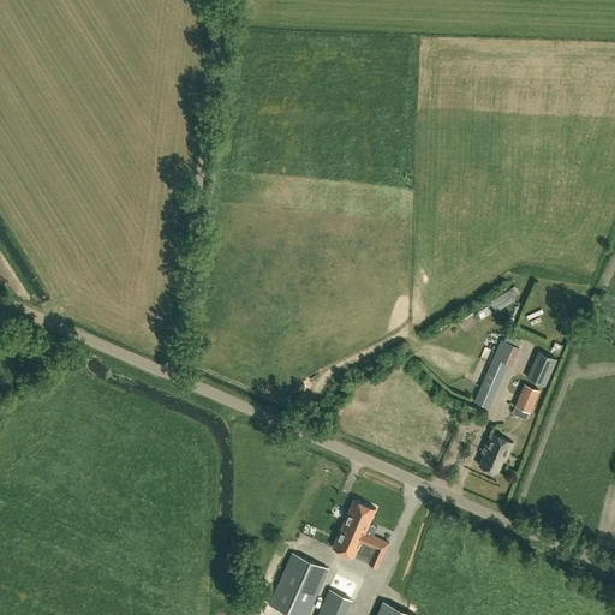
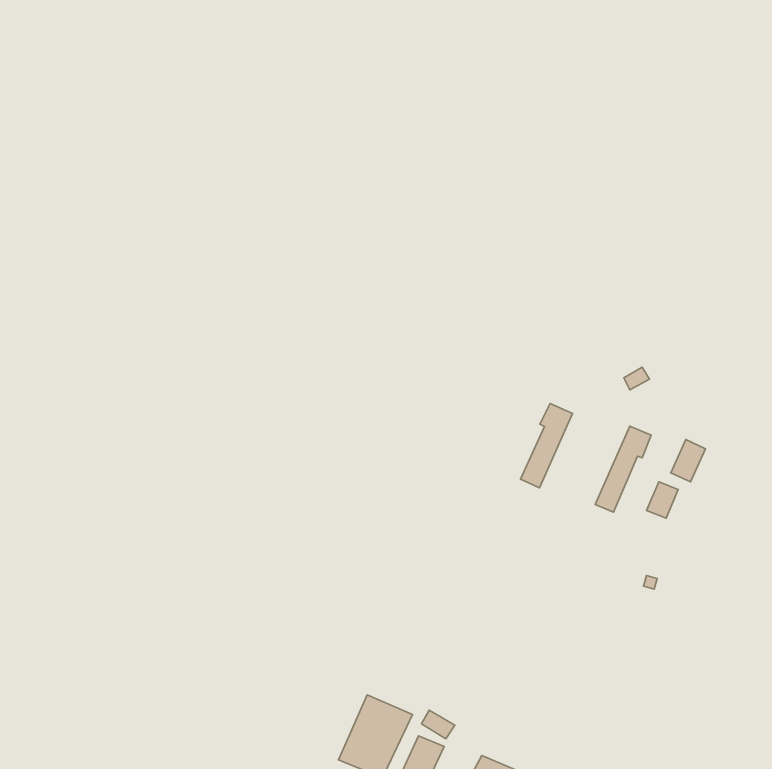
building: none -> [521,403,572,488]
building: [479,435,513,474] -> none
building: [332,501,389,569] -> none

